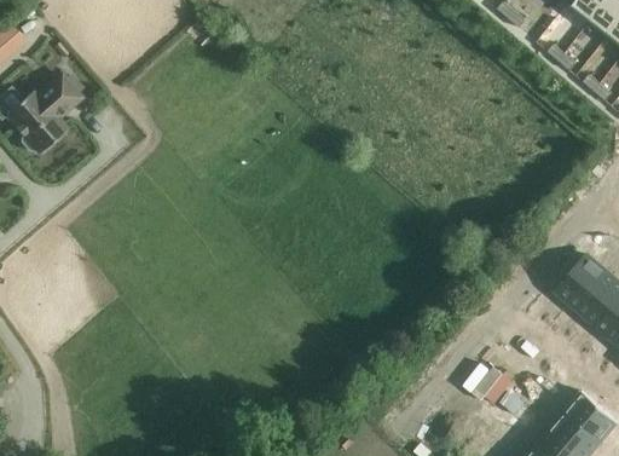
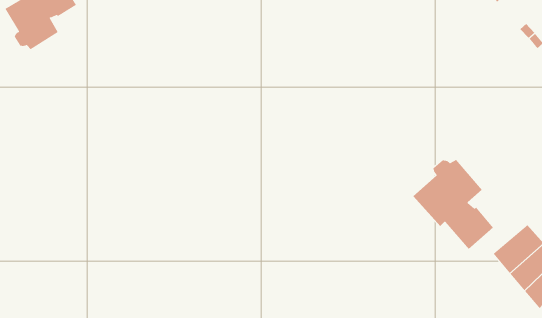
building: none -> [413,159,494,250]

